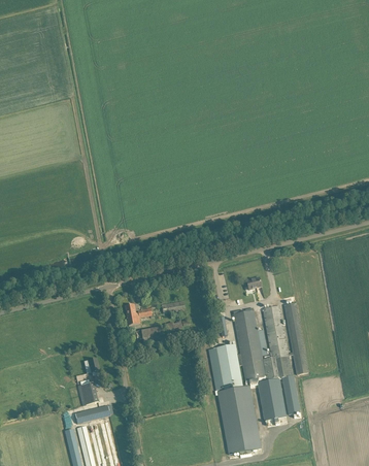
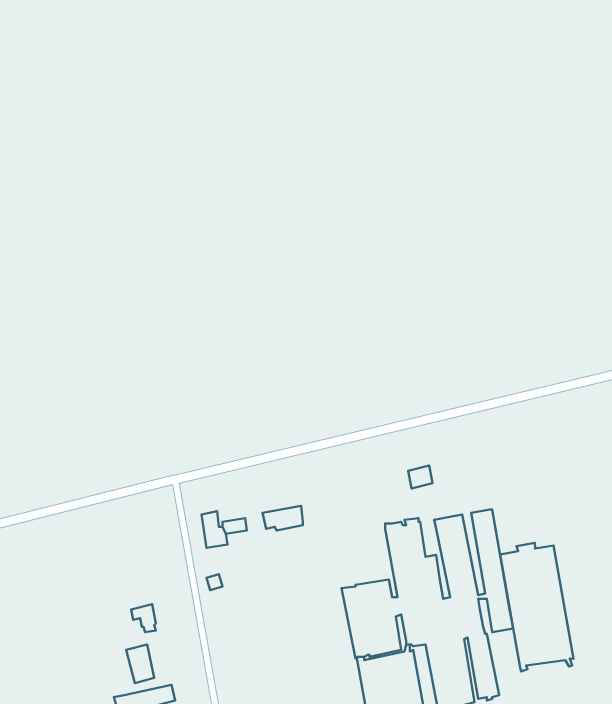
building: none -> [500,543,573,671]

